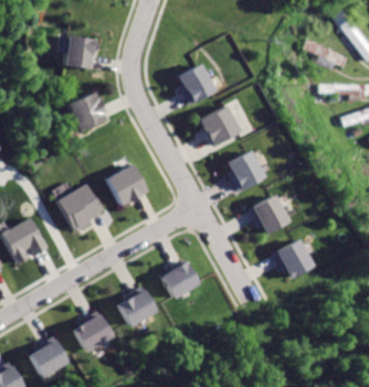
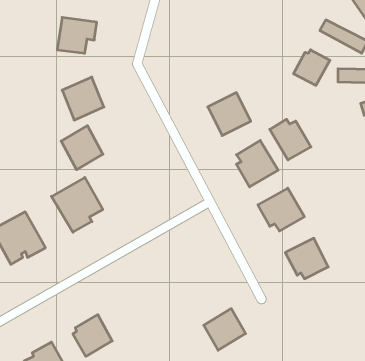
building: [179,63,217,104] -> none
building: none -> [294,50,330,85]
building: none -> [270,119,311,160]
building: [107,163,146,204] -> [61,126,103,170]
building: [159,260,198,299] -> [204,309,246,350]
building: [117,289,157,327] -> none

